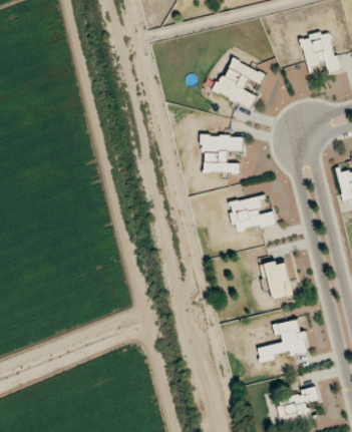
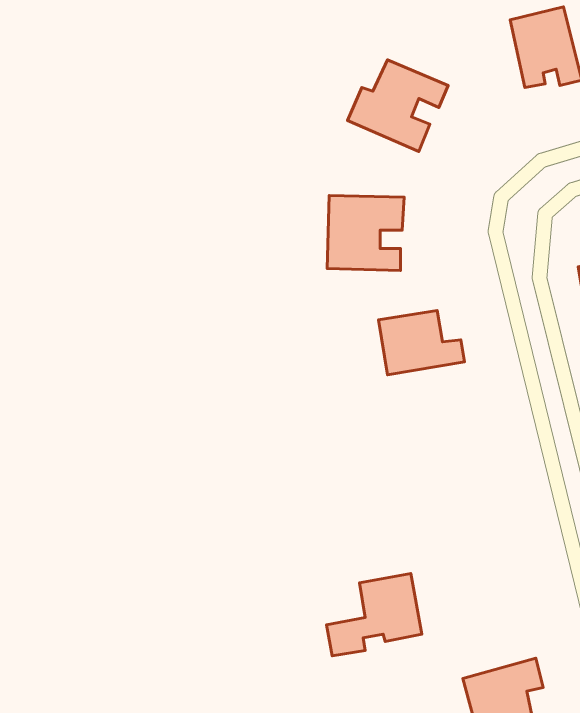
building: [264,259,294,300] -> none
building: [257,319,309,364] -> [327,574,422,656]

